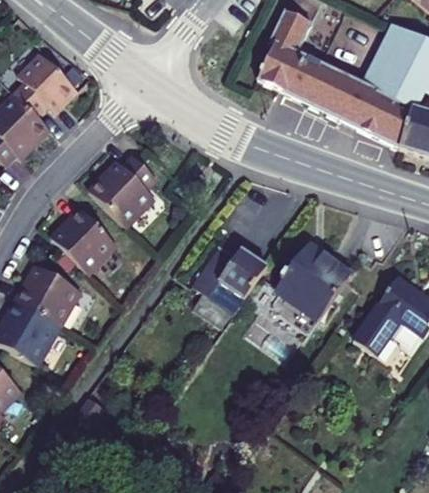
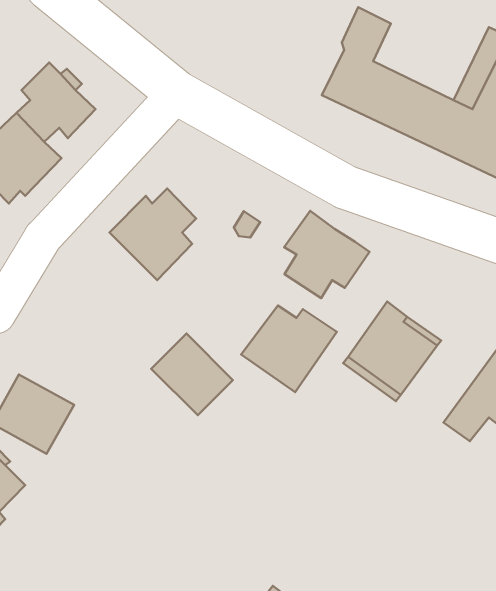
building: none -> [284,211,370,298]
building: [50,205,115,270] -> [151,333,233,415]
building: [16,262,81,324] -> none

